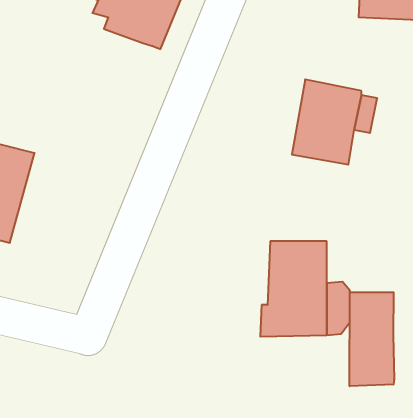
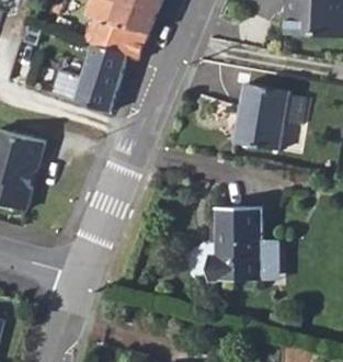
building: none -> [49,44,123,121]
building: [350,292,394,386] -> none

